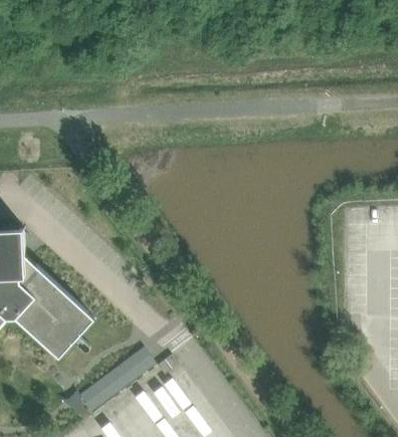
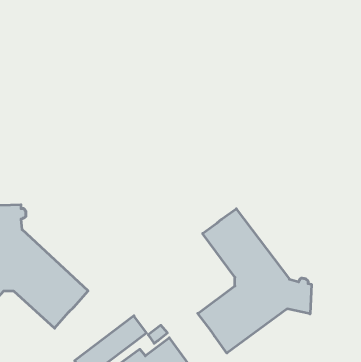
building: none -> [198,209,311,353]

